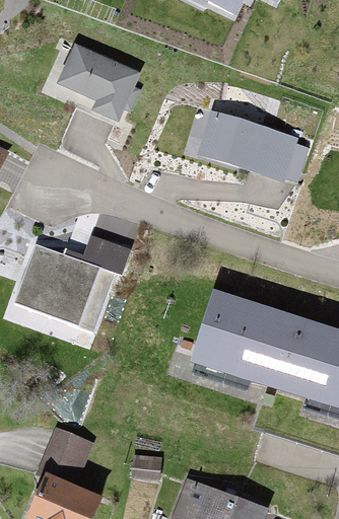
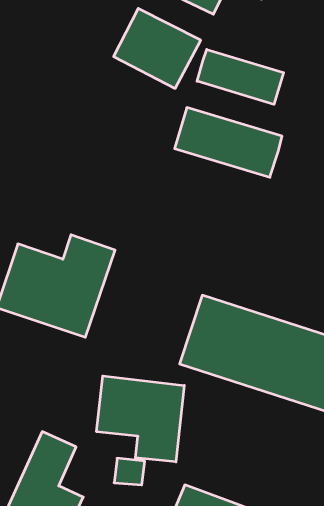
building: [46,43,132,122] -> [114,8,201,88]
building: none -> [197,49,284,104]
building: none -> [97,376,184,462]

